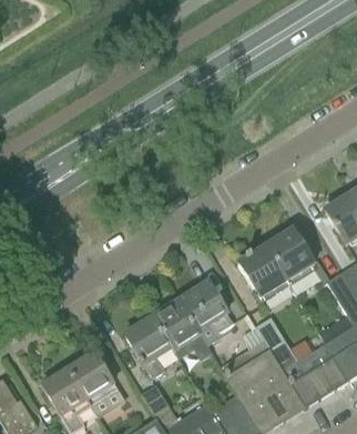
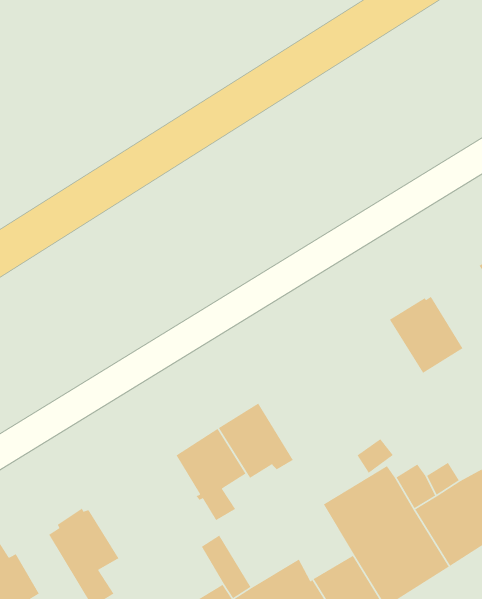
building: [238,246,287,299] -> none
building: [180,283,234,342] -> none
building: [69,354,115,403] -> none

